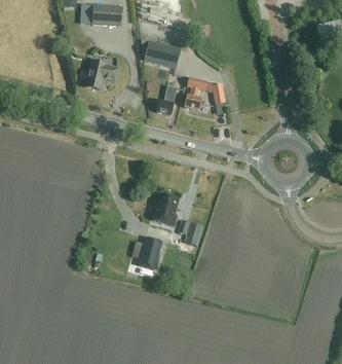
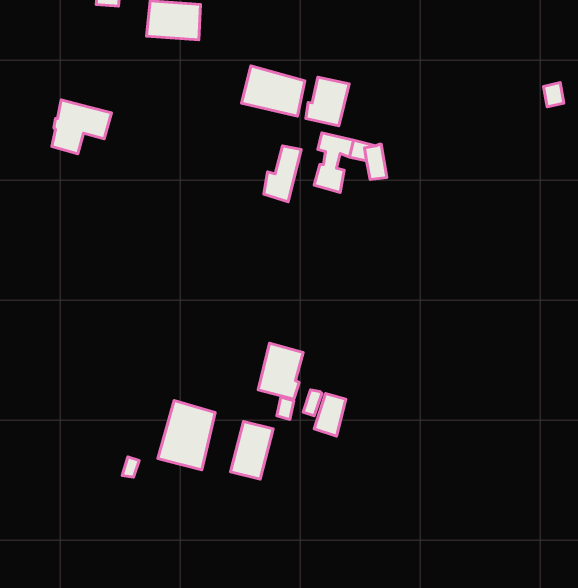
building: none -> [306,77,349,126]
building: [85,60,118,89] -> [52,100,112,154]
building: none -> [158,400,215,470]

